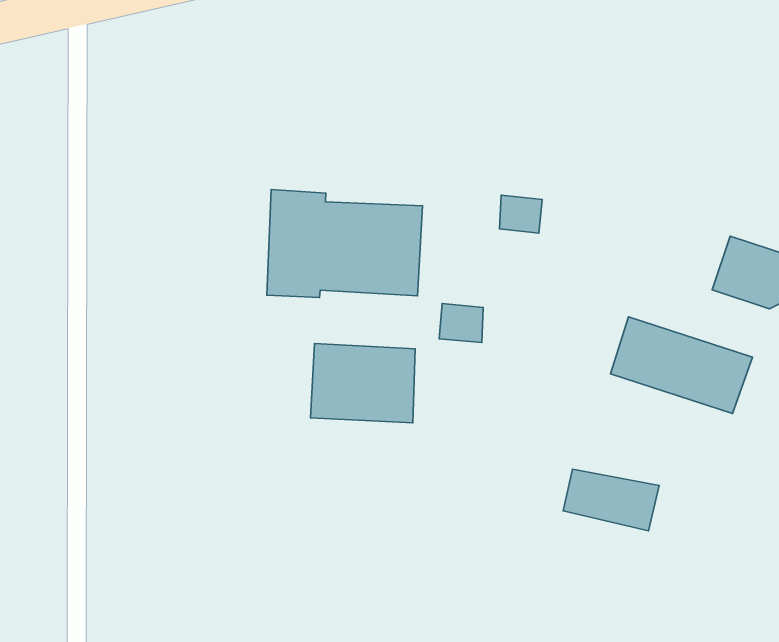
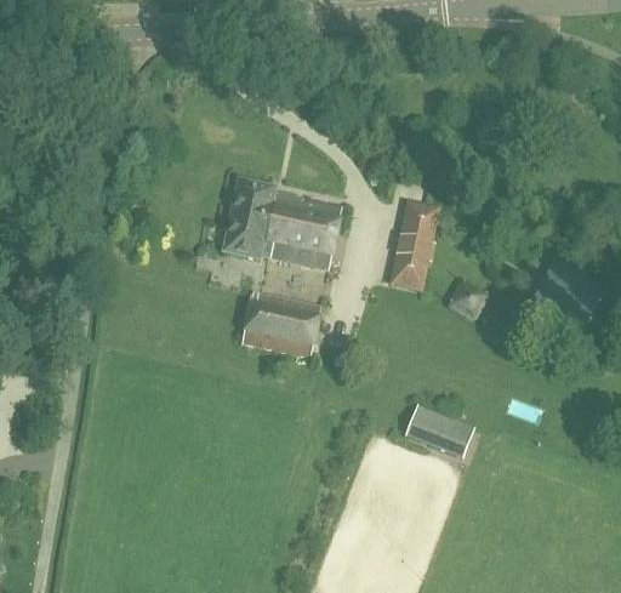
building: [439,303,483,343] -> [382,247,416,279]
building: [610,317,752,413] -> none

